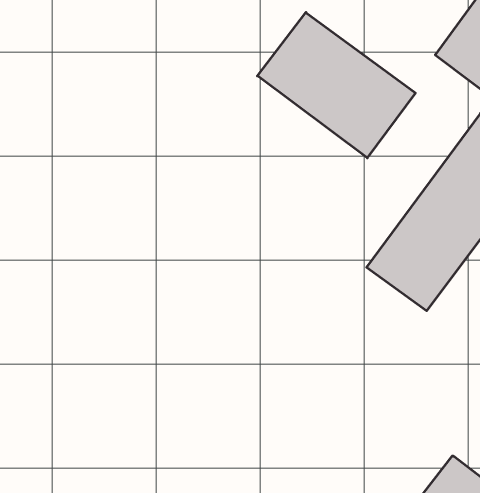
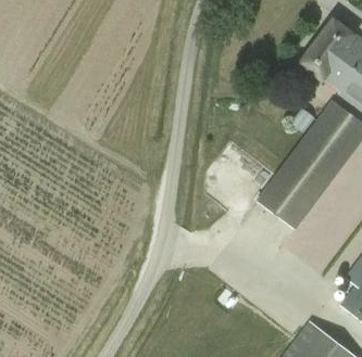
building: [257,12,415,158] -> none

